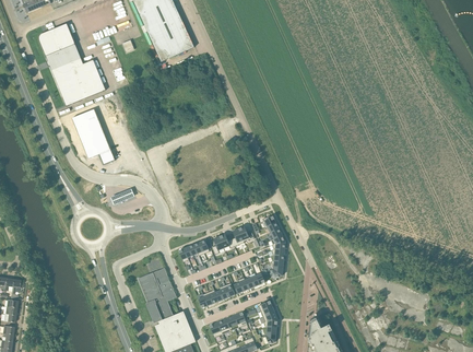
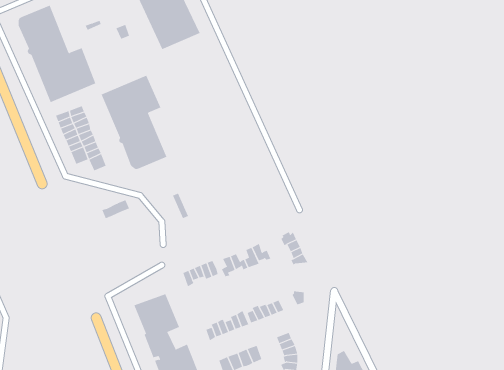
building: none -> [101,75,167,170]

